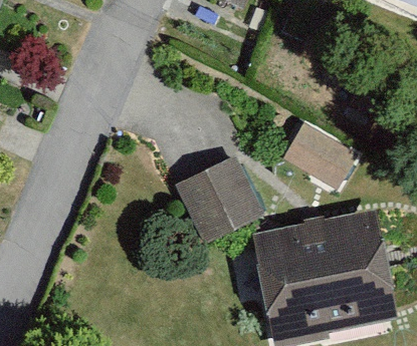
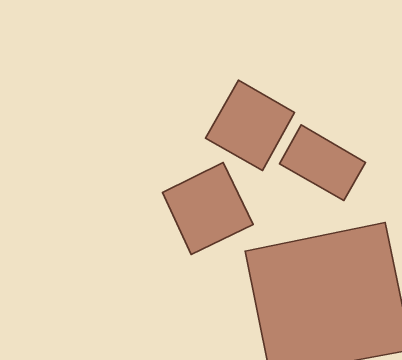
building: none -> [205,80,294,171]

